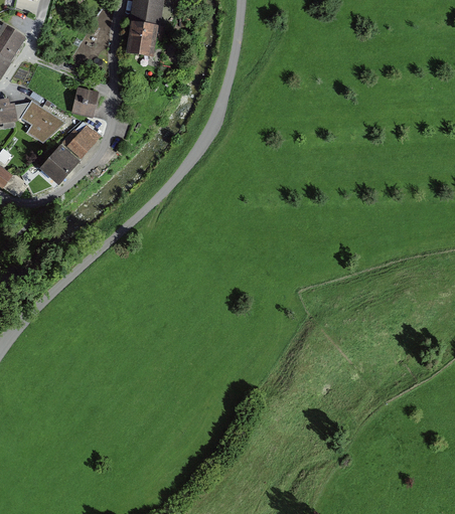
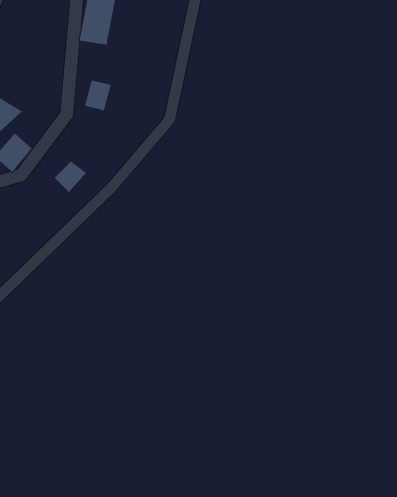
building: [71,87,99,118] -> [84,80,111,111]
building: [66,127,100,159] -> [54,161,87,193]

